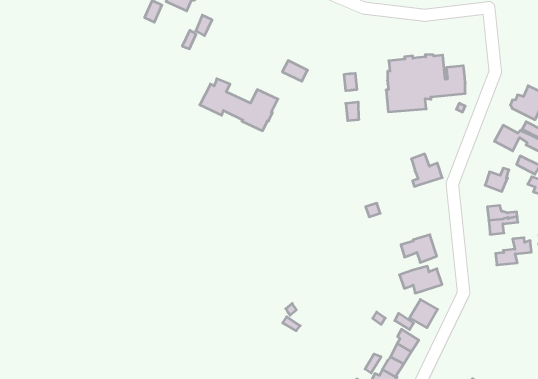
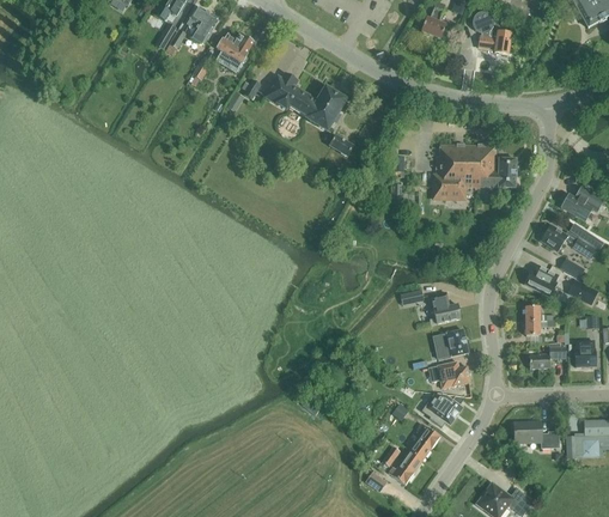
building: [200,79,278,131] -> [264,72,346,130]
building: [411,154,442,186] -> [430,292,461,324]
building: none -> [513,421,559,448]

